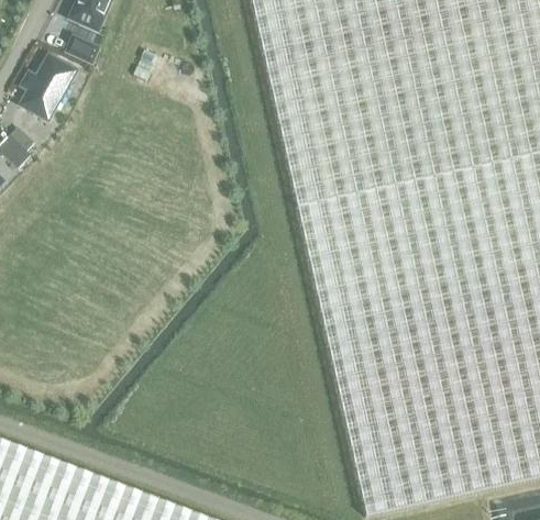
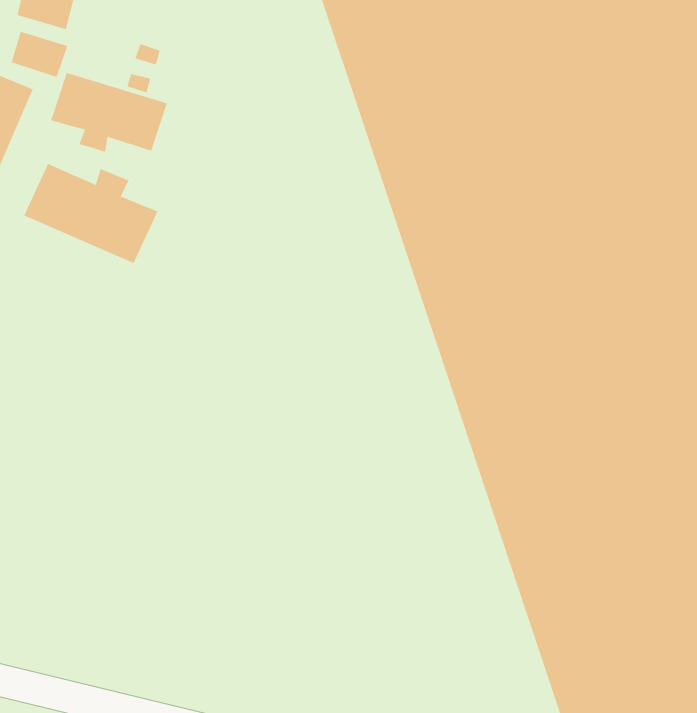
building: none -> [50,72,167,152]
building: none -> [24,163,158,264]

